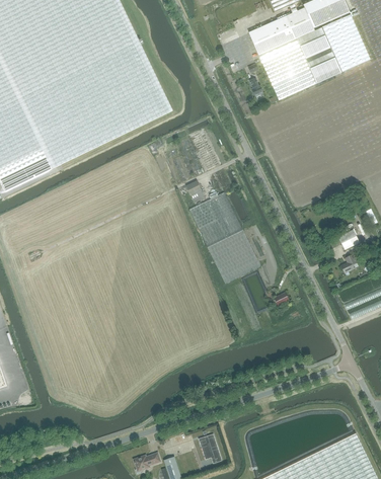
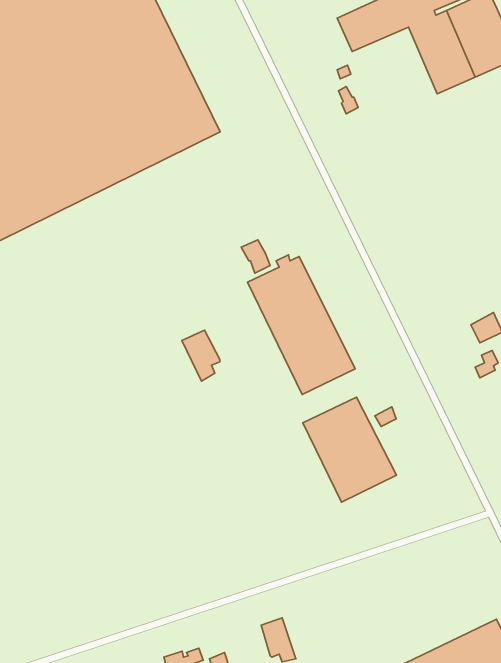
building: [258,38,315,99] -> none
building: none -> [182,330,220,381]
building: none -> [303,397,396,502]

